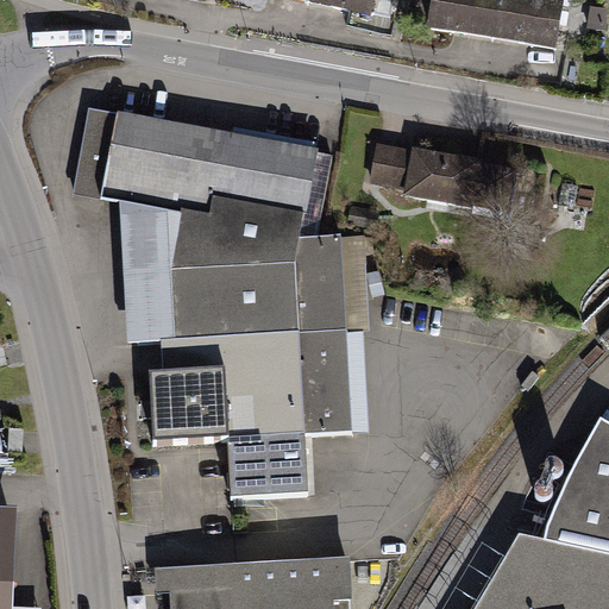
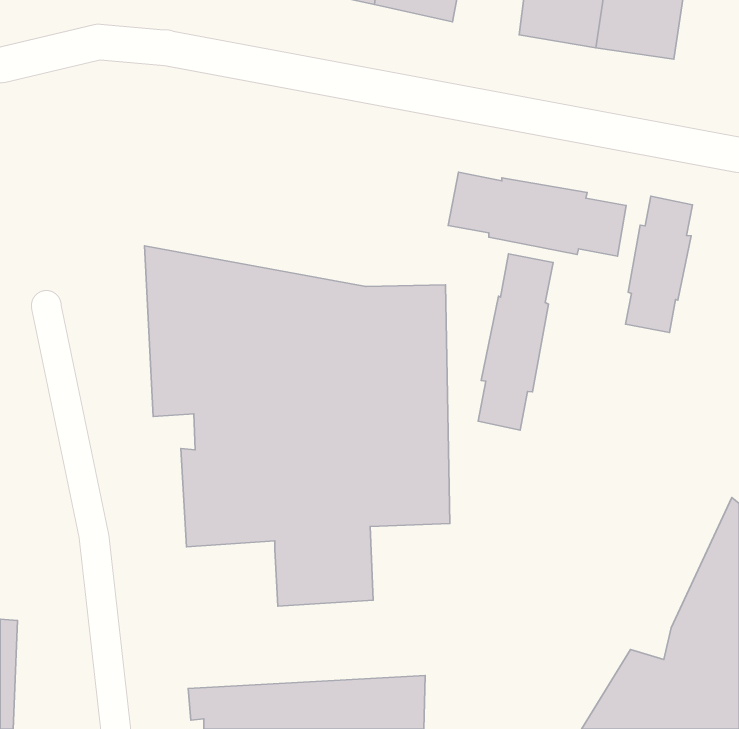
building: [71,107,318,236] -> none
building: none -> [625,196,693,332]
building: none -> [478,254,553,430]

